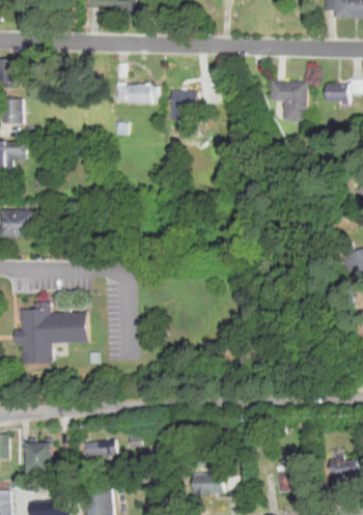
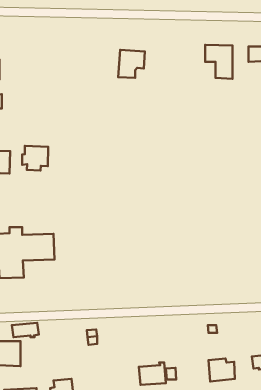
building: [115,84,158,104] -> none
building: none -> [22,146,48,170]
building: [84,437,117,455] -> [12,323,39,337]

